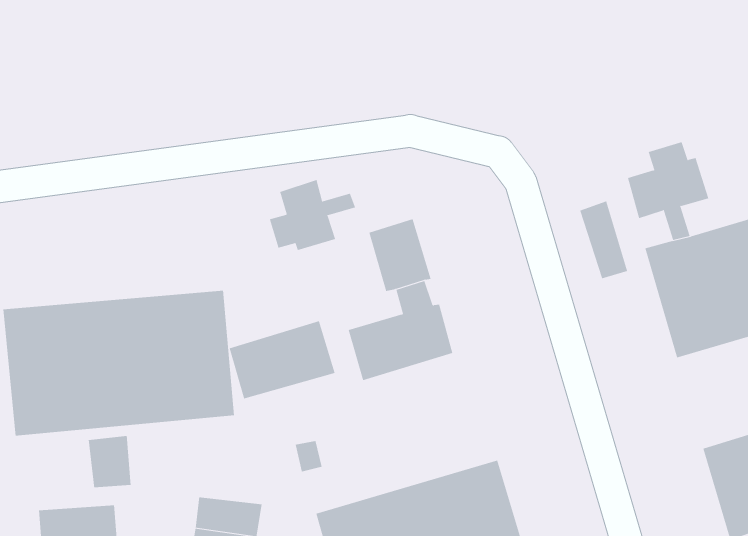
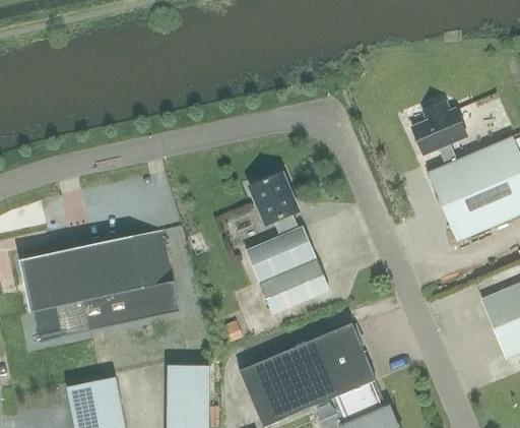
building: [269,179,356,251] -> none
building: [580,200,628,279] -> none
building: [229,320,336,399] -> [261,255,331,311]
building: [88,435,131,488] -> none

